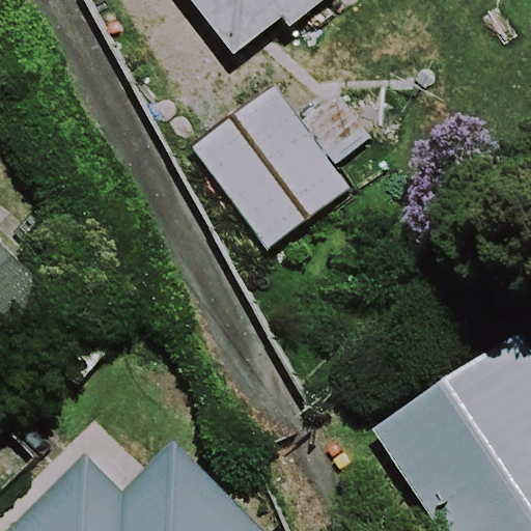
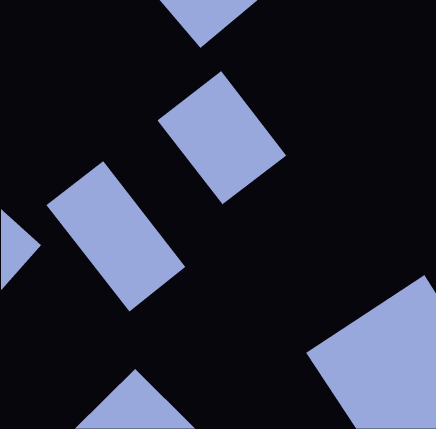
building: none -> [46,160,186,312]

